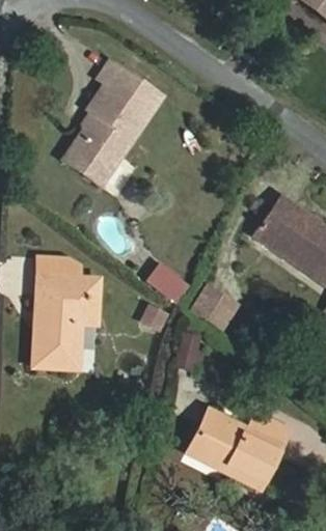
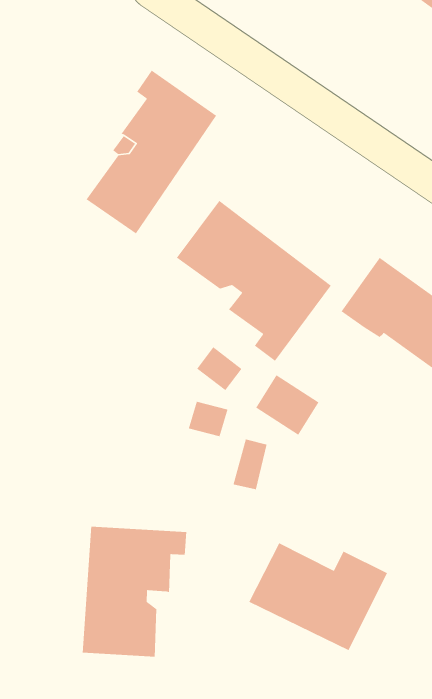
building: none -> [176,200,332,362]
building: [31,258,99,370] -> none
building: none -> [82,526,187,658]

